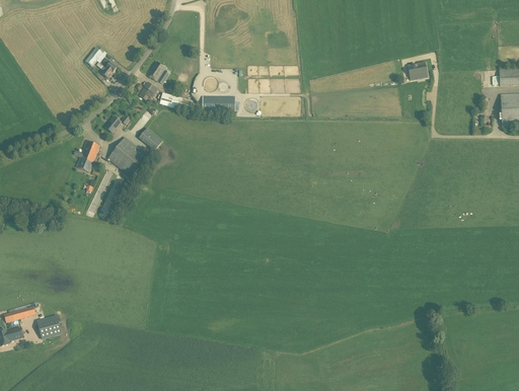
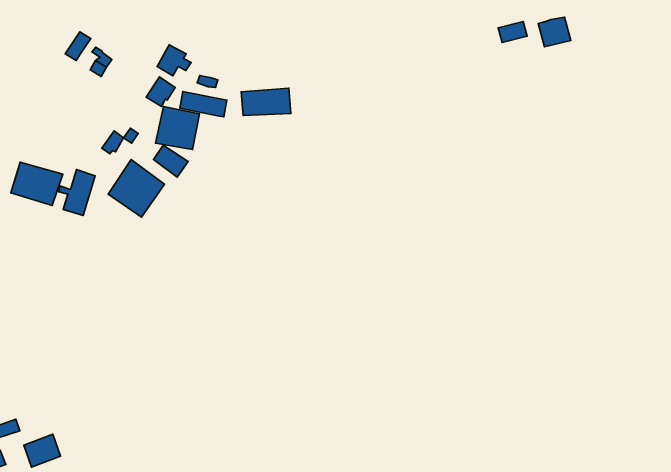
building: none -> [155,107,200,149]
building: none -> [11,162,63,205]

